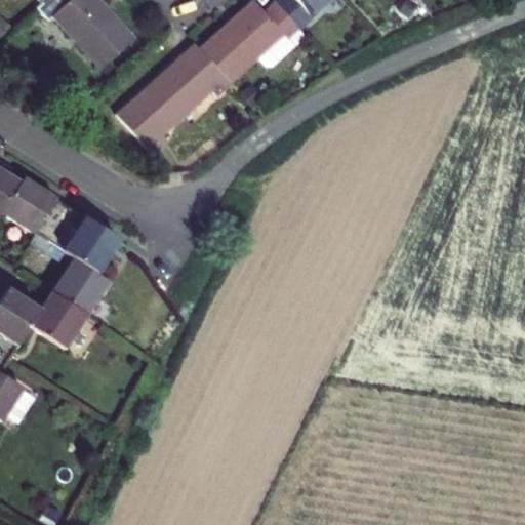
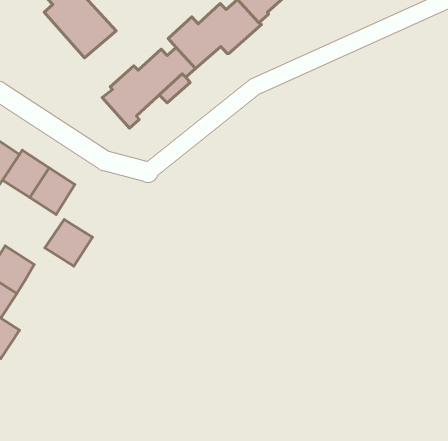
building: [66,215,121,272] -> none
building: [30,289,86,347] -> none

